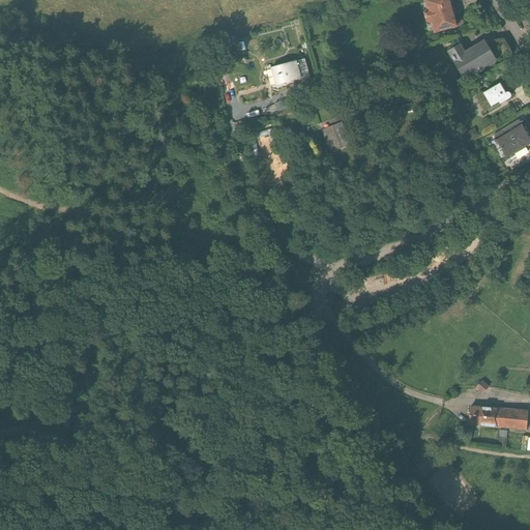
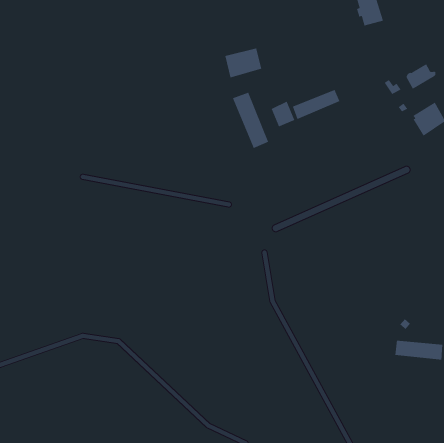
building: [447,38,497,79] -> none
building: none -> [292,89,340,120]
building: none -> [232,92,269,149]

